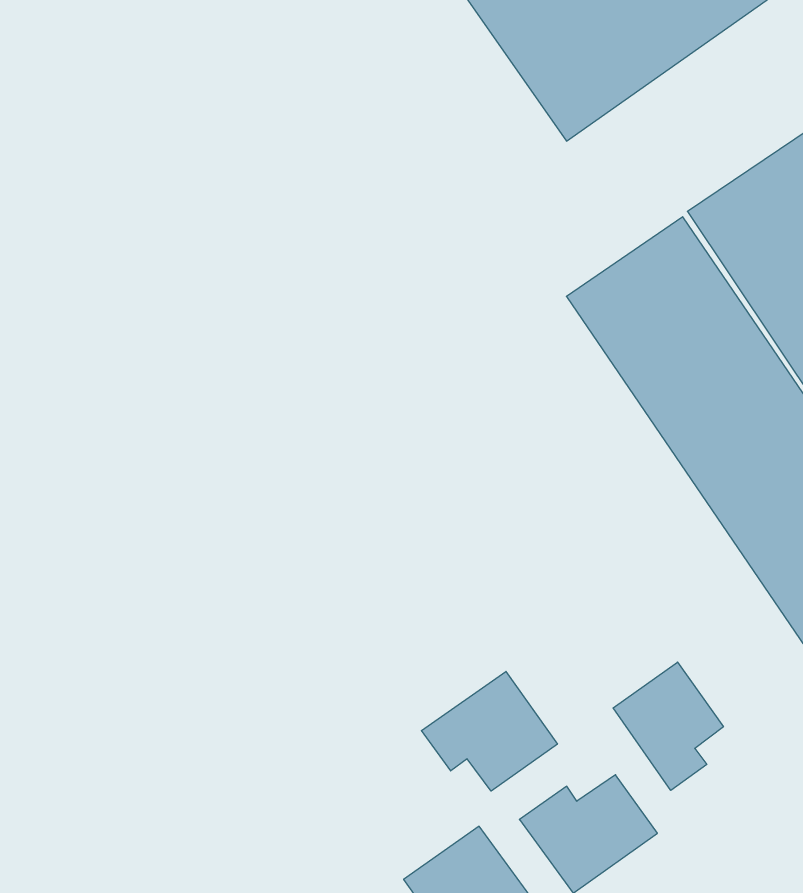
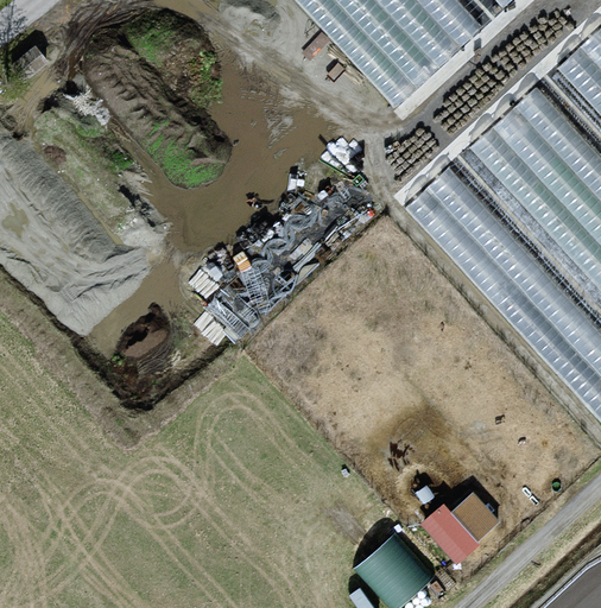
building: [613,662,723,790] -> none
building: [421,671,557,791] -> none

